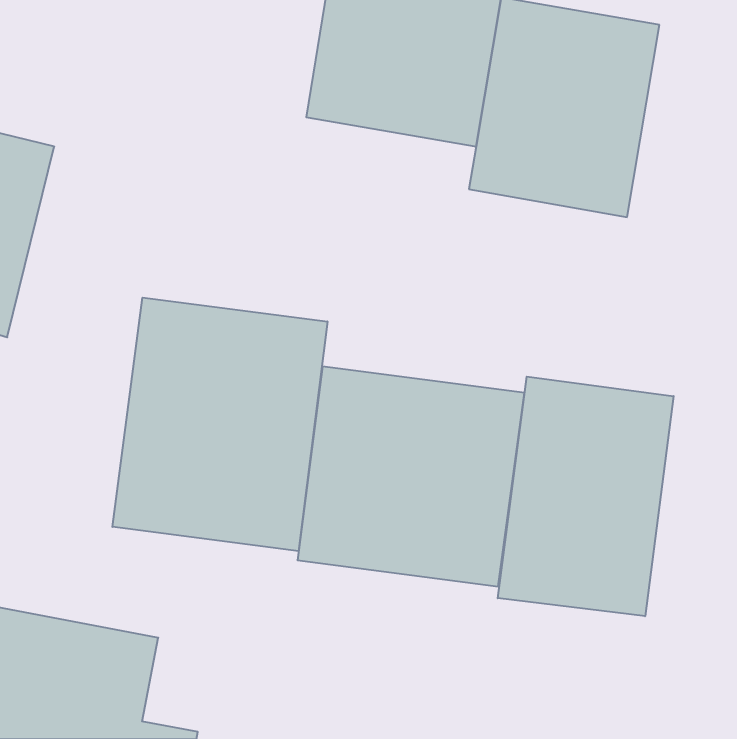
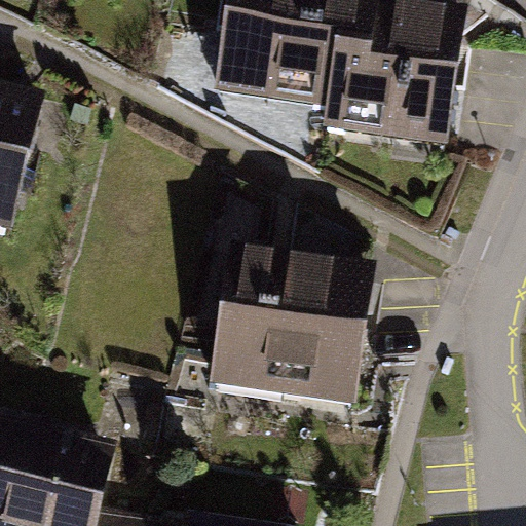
building: [112,298,327,551] -> none
building: [498,377,674,616] -> none

